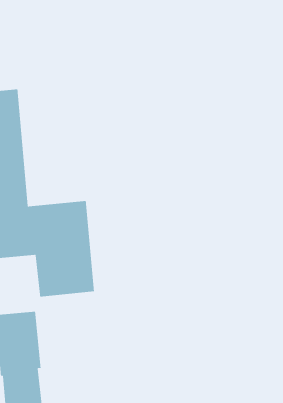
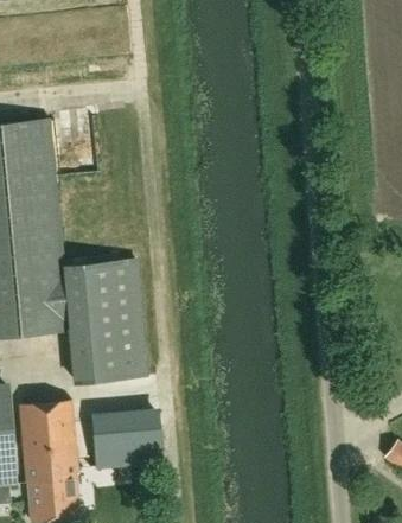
building: none -> [92,413,162,465]

